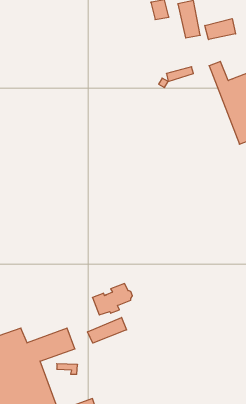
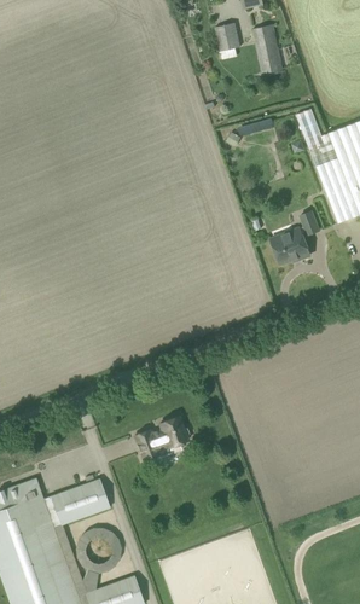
building: [205,19,236,40] -> none
building: none -> [271,211,319,265]
building: [88,317,127,343] -> none

